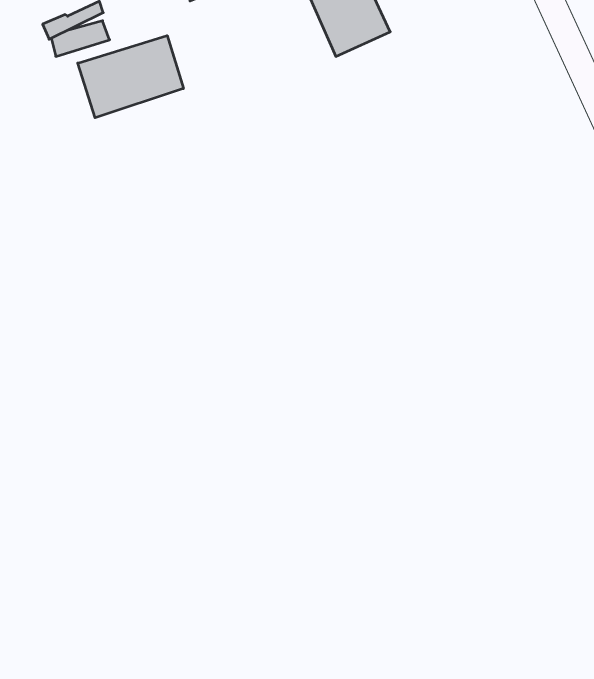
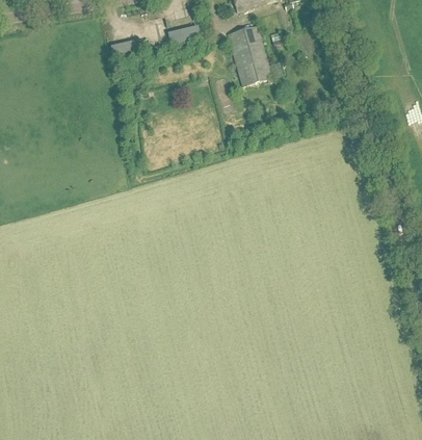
building: [78,36,183,118] -> none

